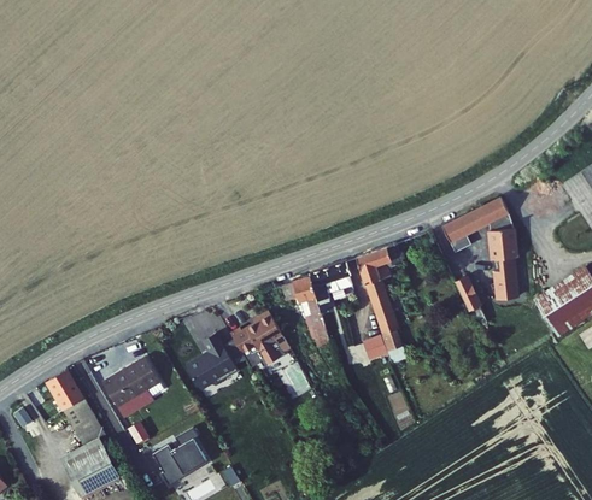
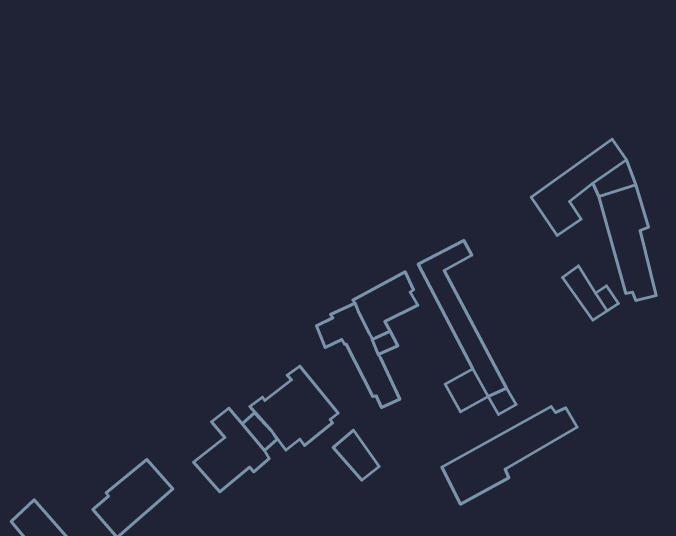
building: none -> [442,406,577,504]

